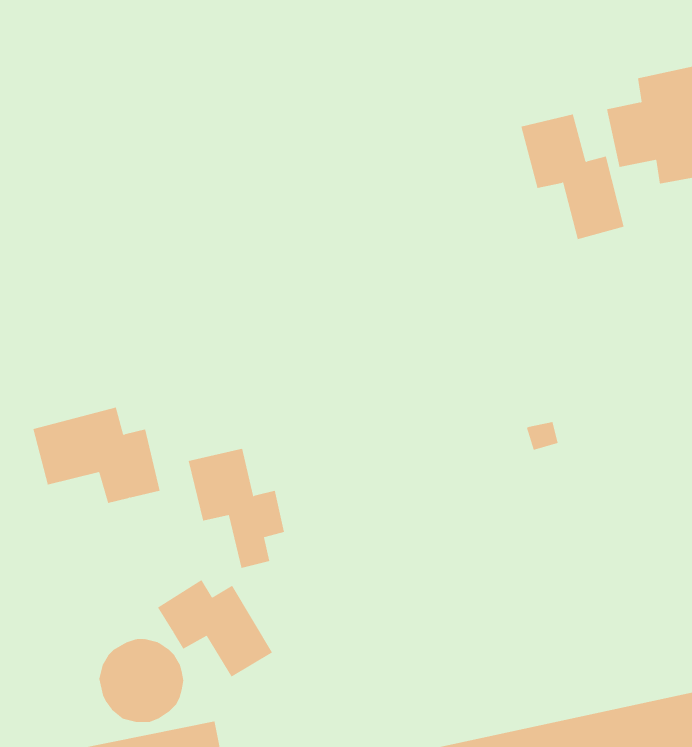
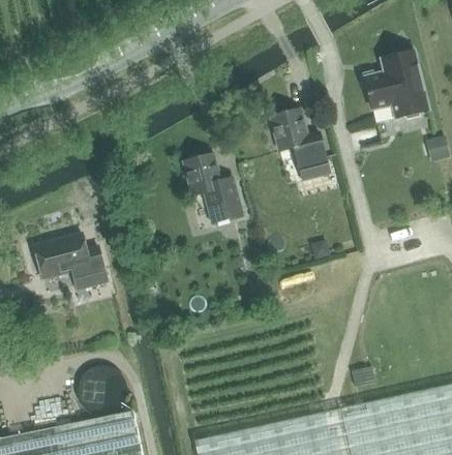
building: [521,114,625,240] -> [271,110,330,181]
building: [188,448,285,569] -> [184,155,239,223]
building: [157,579,273,678] -> none

